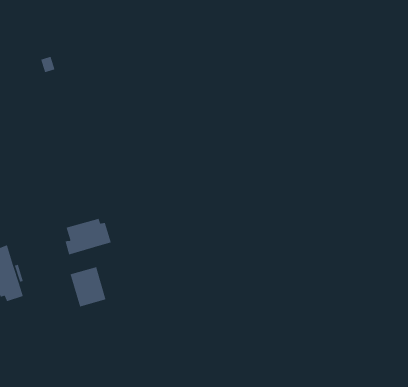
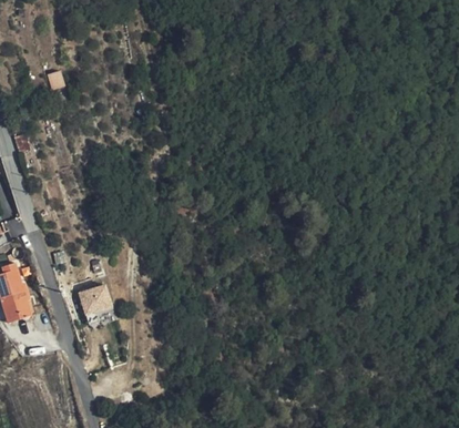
building: [65,218,112,256] -> none

